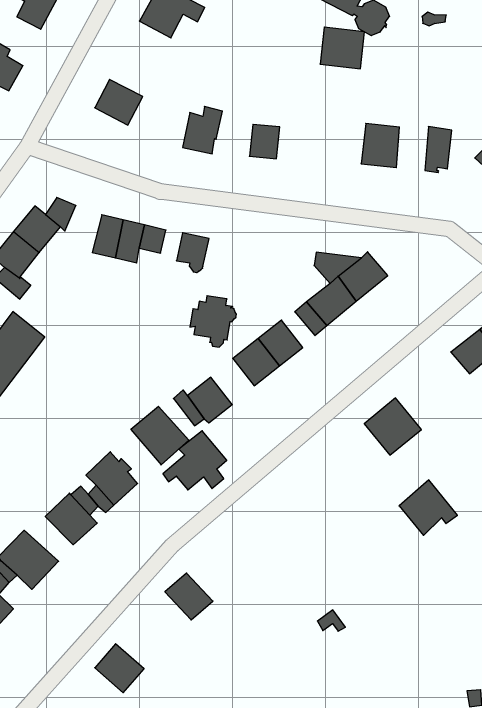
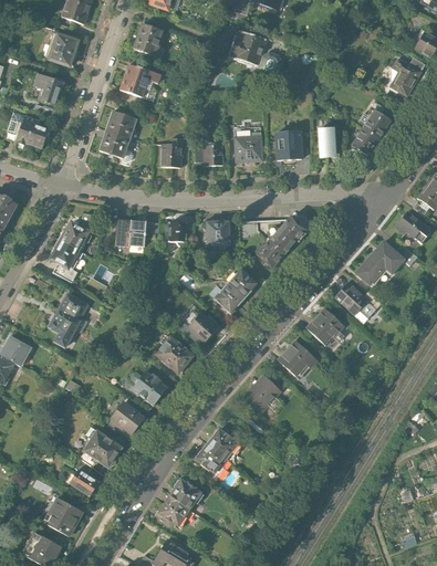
building: [320,27,365,69] -> [235,136,262,161]
building: none -> [106,111,136,138]
building: [190,296,236,347] -> [204,218,232,250]
building: none -> [335,281,367,314]
building: [163,431,227,490] -> [241,374,281,413]
building: [399,480,457,535] -> [279,339,318,376]
building: none -> [207,427,238,458]
building: none -> [168,479,200,509]

